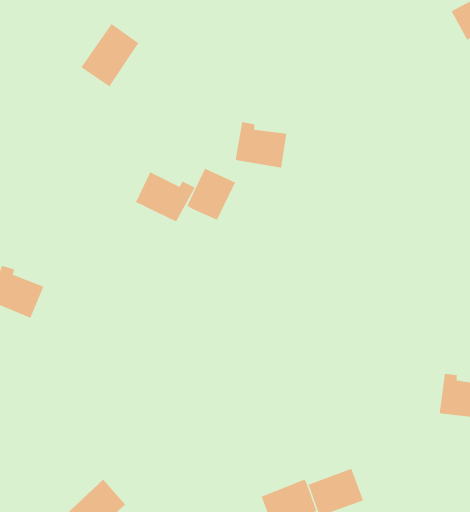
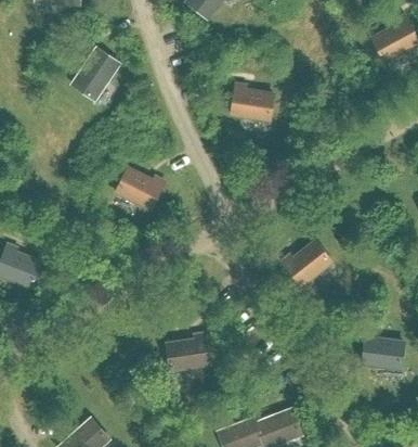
building: [235,121,287,168] -> [231,84,273,122]
building: [186,168,236,221] -> none
building: none -> [282,240,331,285]
building: none -> [167,333,208,370]

